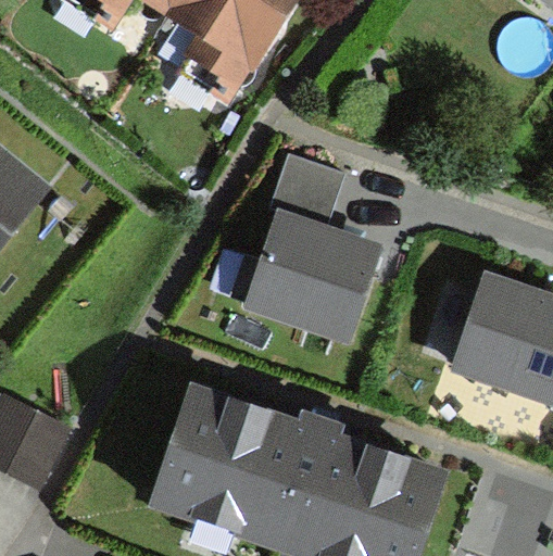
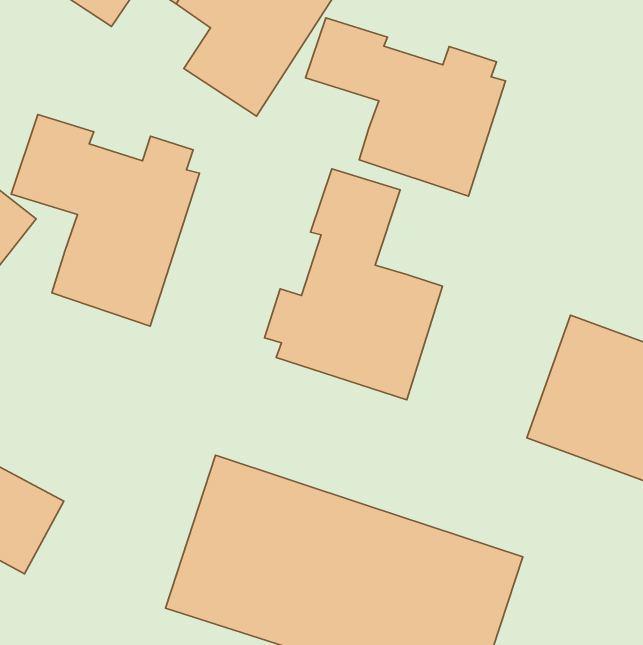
building: none -> [305,18,506,196]
building: none -> [11,115,200,326]

